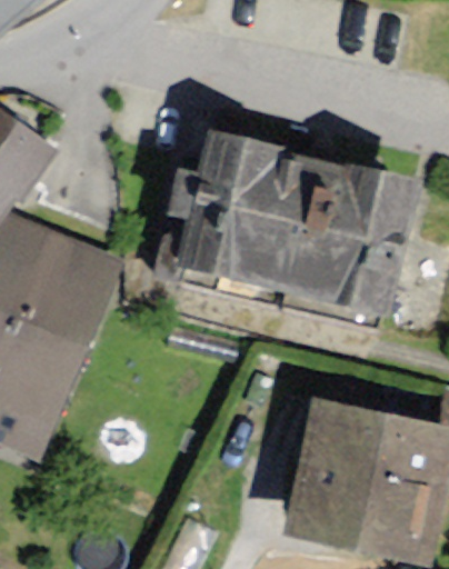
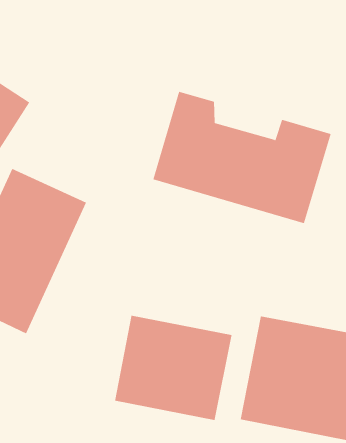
building: none -> [115,315,232,421]

